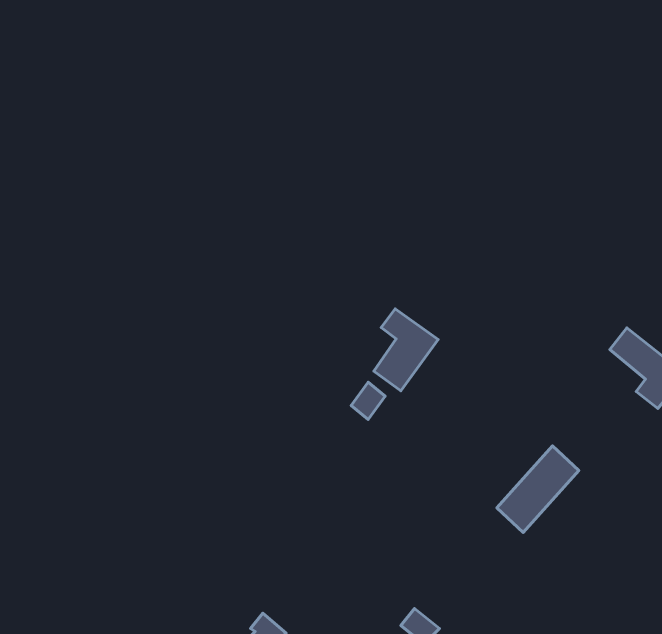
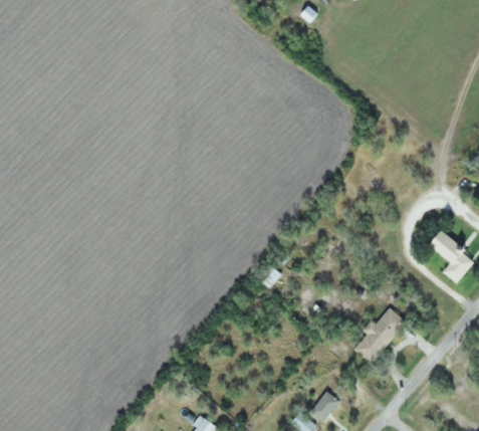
building: [374,309,438,391] -> none
building: none -> [308,391,336,422]

